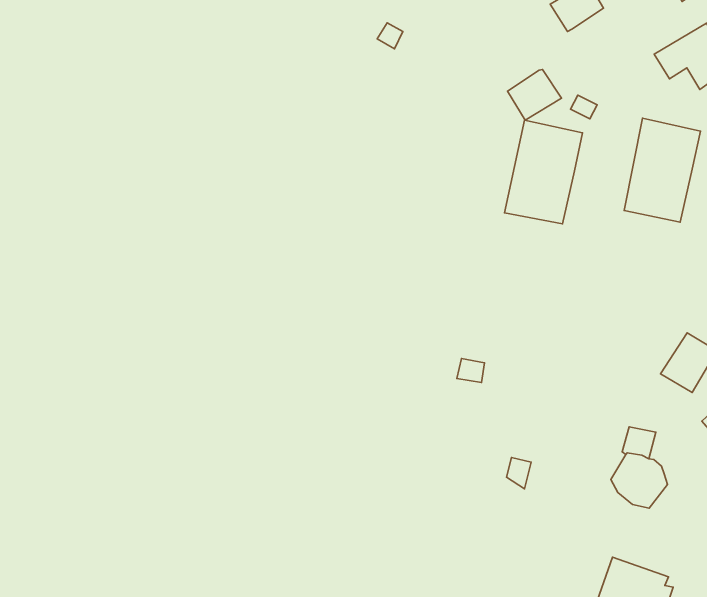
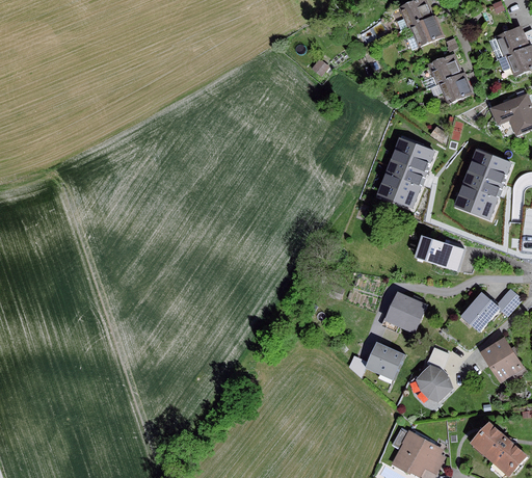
building: [508,69,561,120] -> [438,72,473,103]
building: none -> [413,235,463,270]
building: none -> [383,291,426,334]
building: none -> [365,341,406,381]

